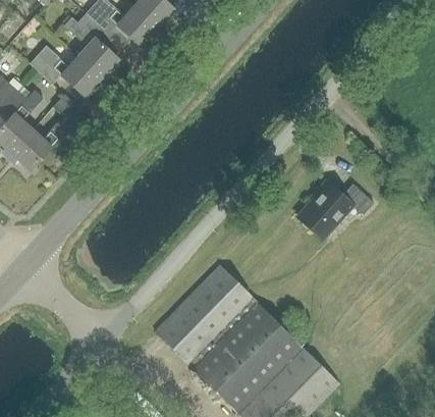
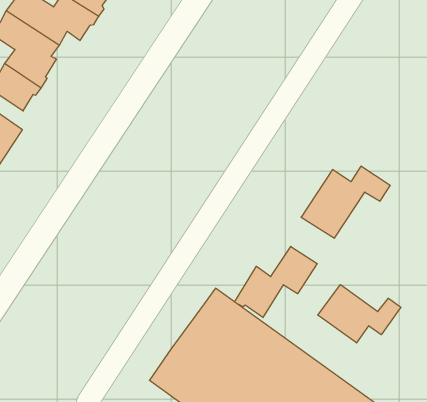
building: none -> [235,246,317,318]
building: none -> [318,285,401,343]

